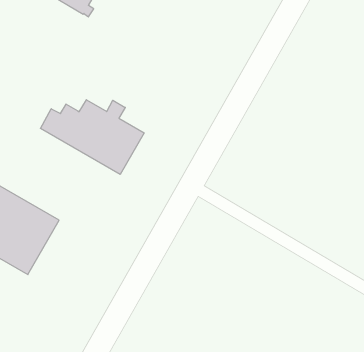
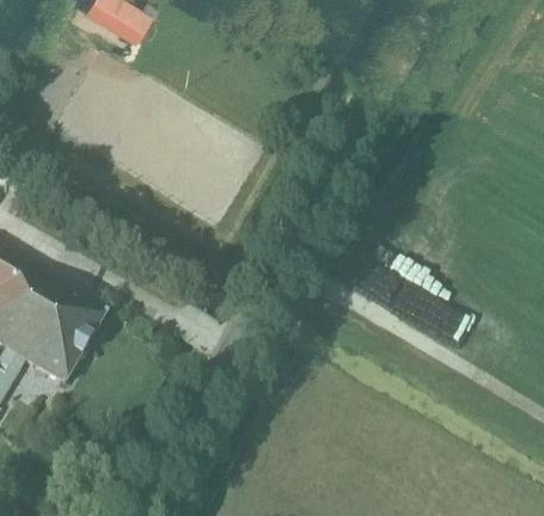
building: [40,100,144,174] -> none

